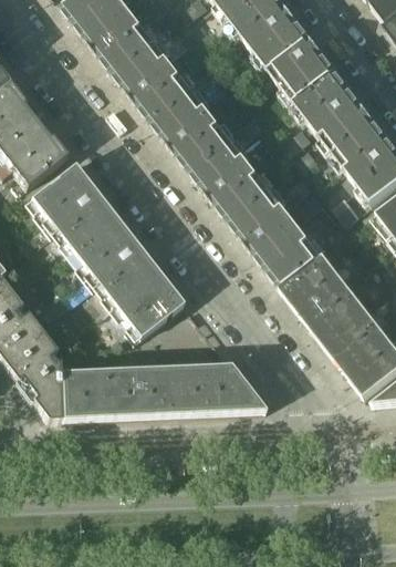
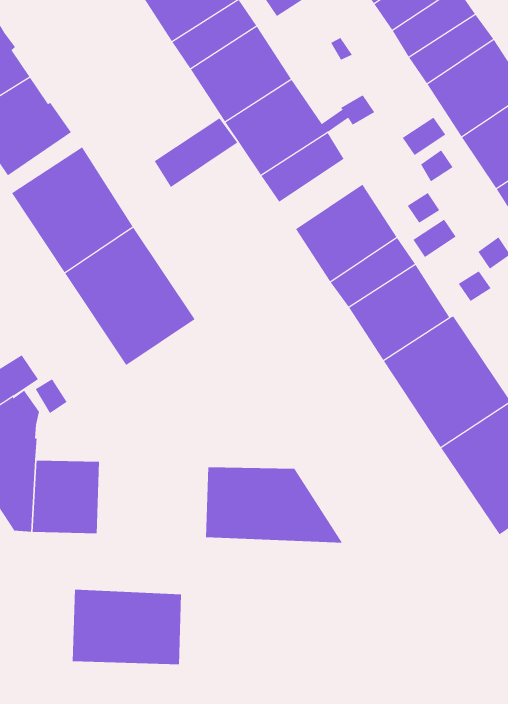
building: [205,156,259,205] -> [154,117,238,188]
building: [113,269,183,337] -> none
building: [101,365,174,415] -> [72,589,182,665]

